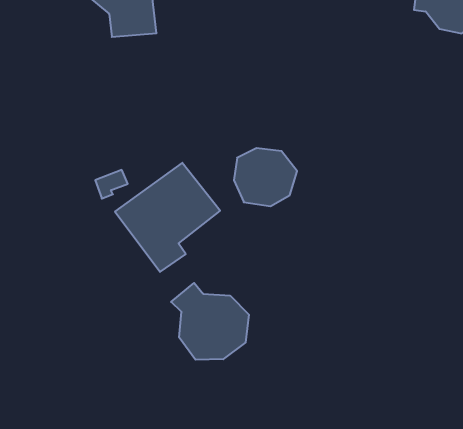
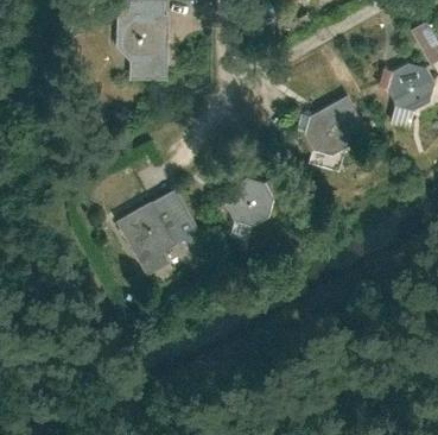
building: none -> [306,95,370,159]
building: [171,283,249,360] -> none

